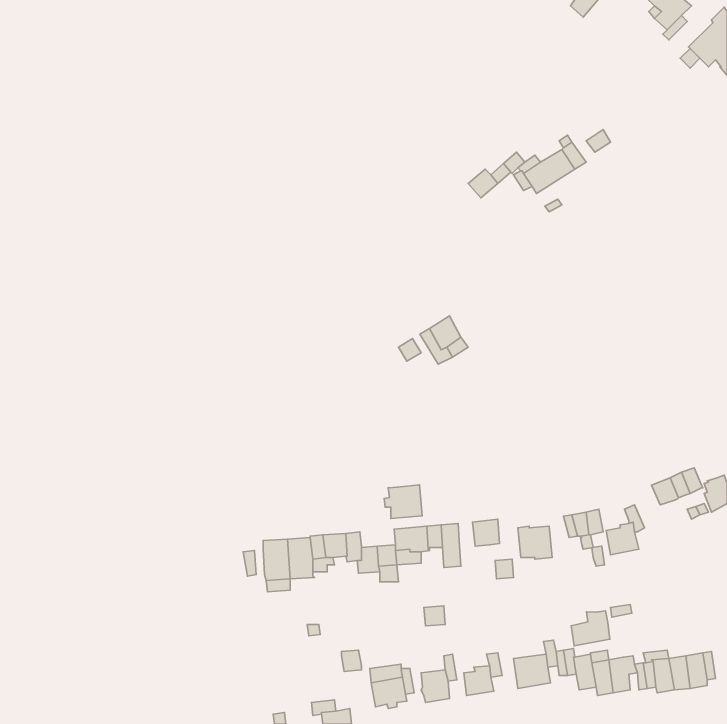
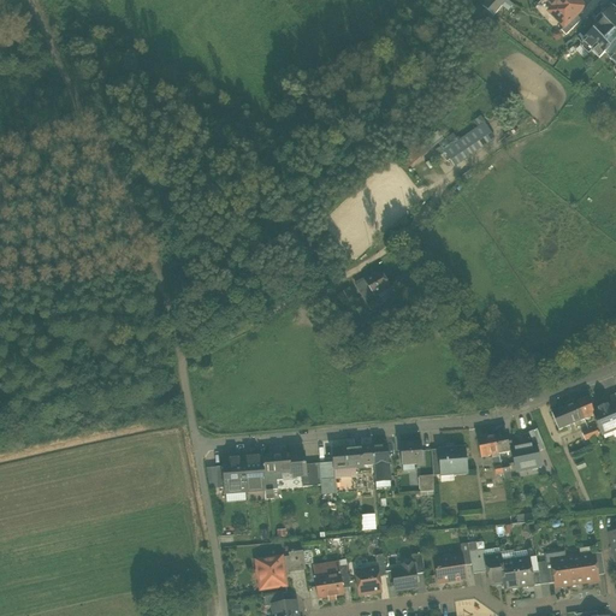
building: [384,485,422,519] -> none
building: [571,611,610,646] -> none
building: none -> [256,556,286,588]

